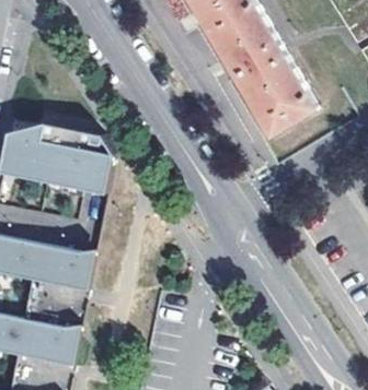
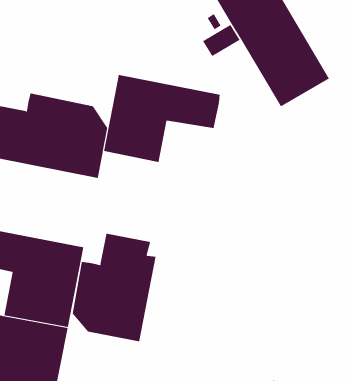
building: none -> [104,74,220,163]
building: none -> [72,233,156,342]

